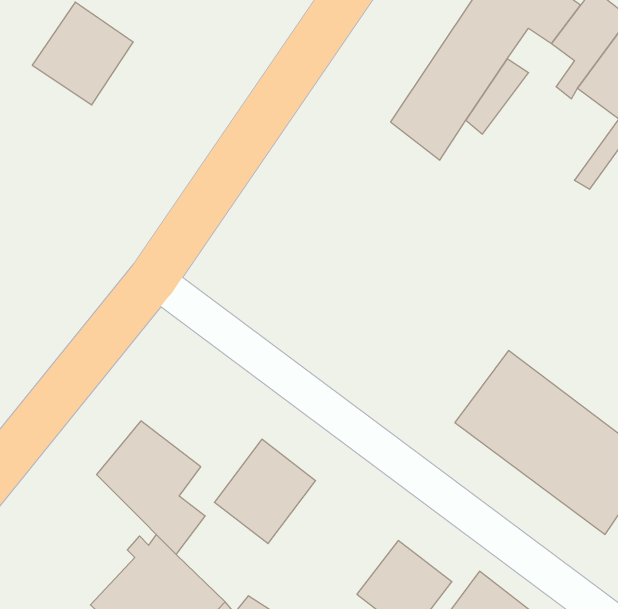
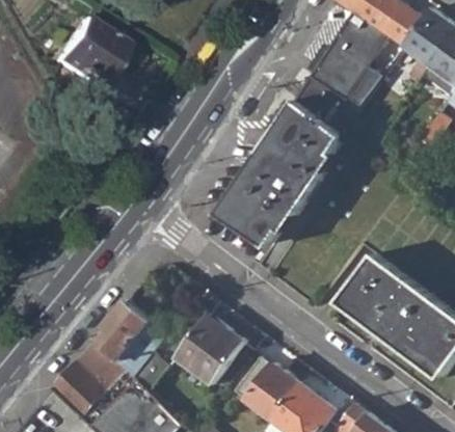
building: none -> [221,99,344,244]
building: none -> [53,338,128,416]
building: none -> [235,357,300,418]

